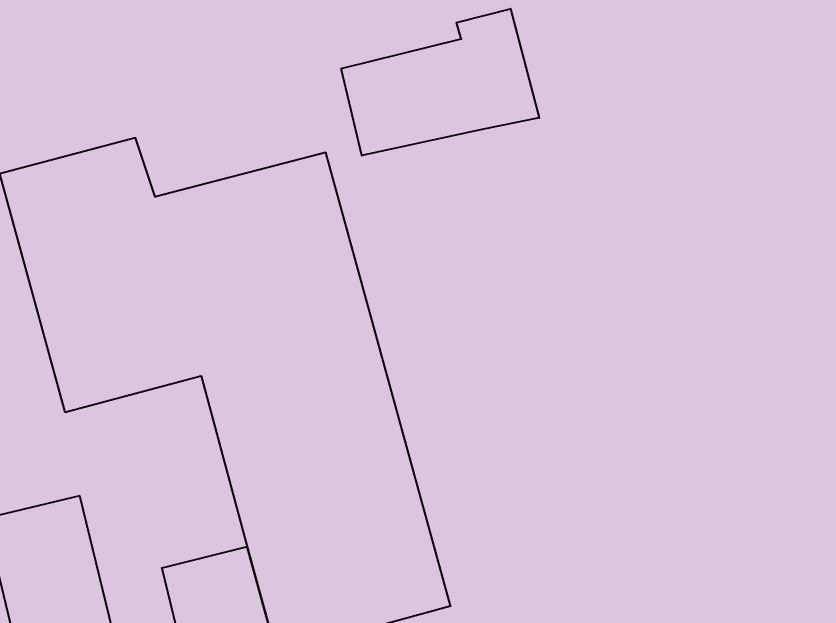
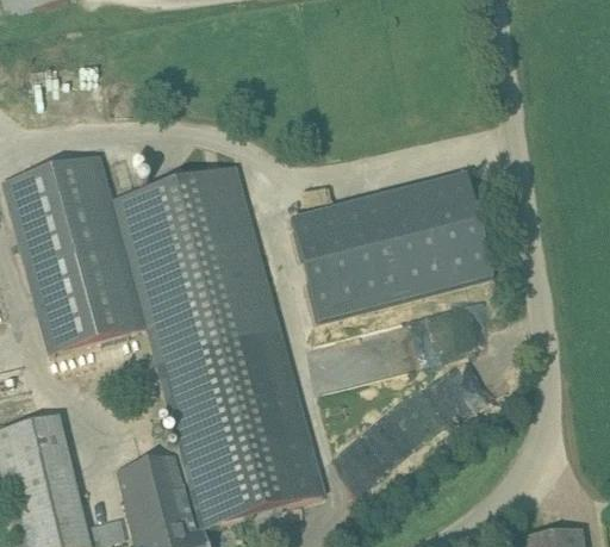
building: [341,9,539,156] -> none
building: none -> [290,170,493,318]

